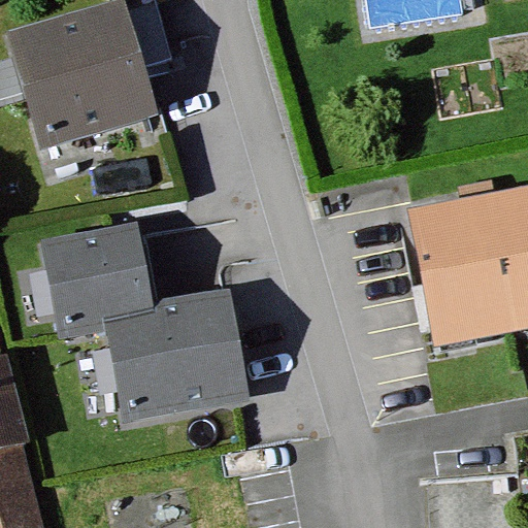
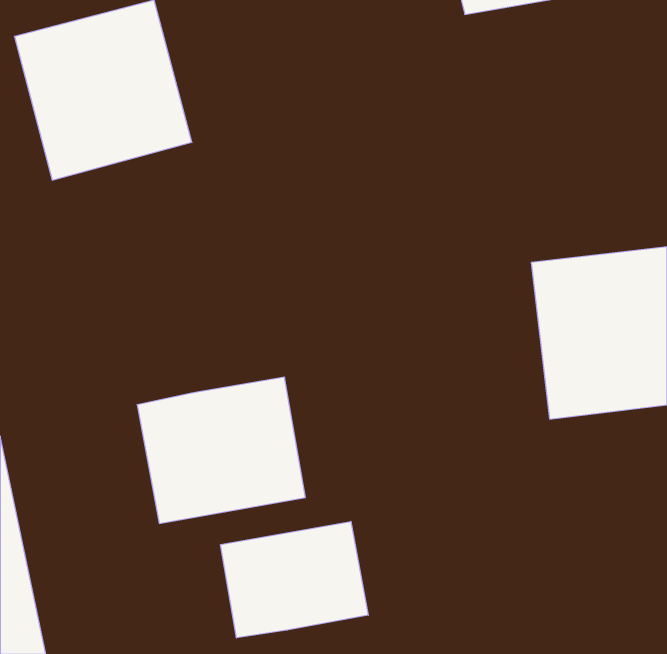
building: [43,226,153,329] -> none
building: none -> [221,521,368,638]

